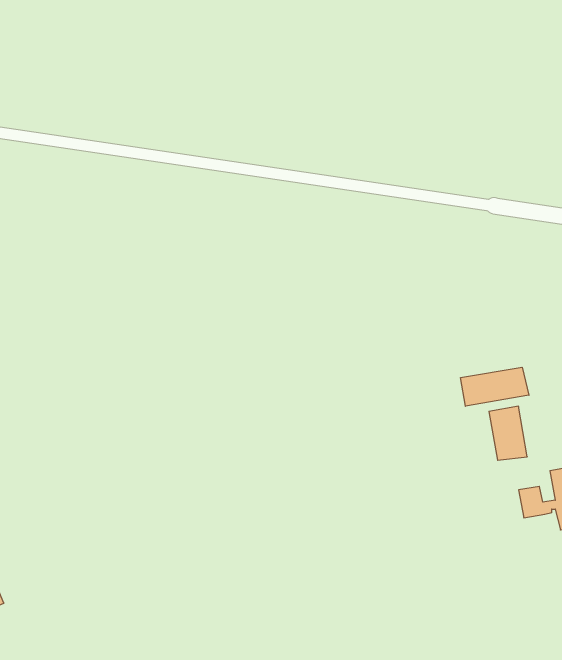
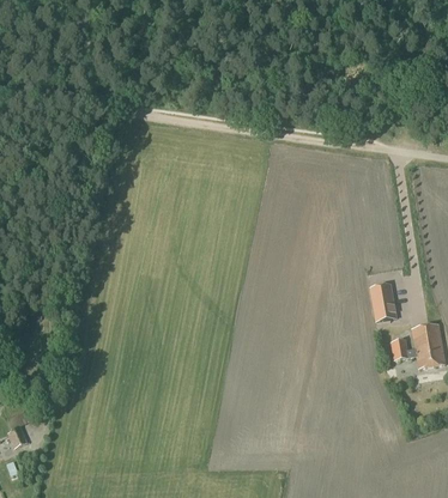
building: [461,367,529,406] -> none

